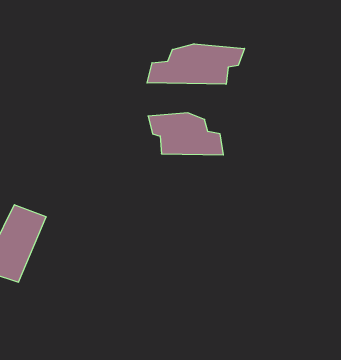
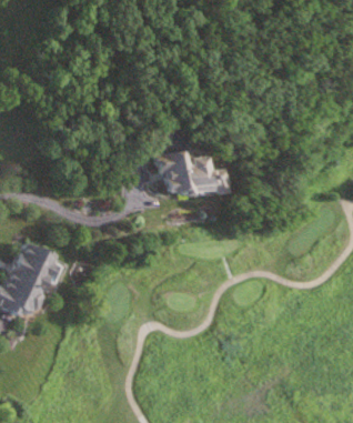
building: [147,44,244,84] -> none

